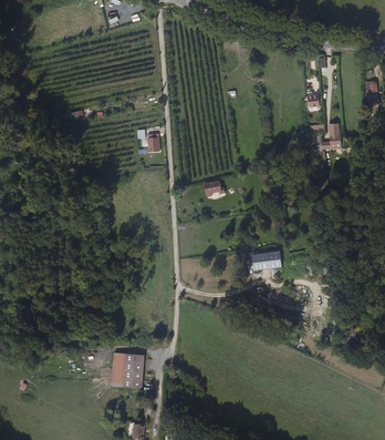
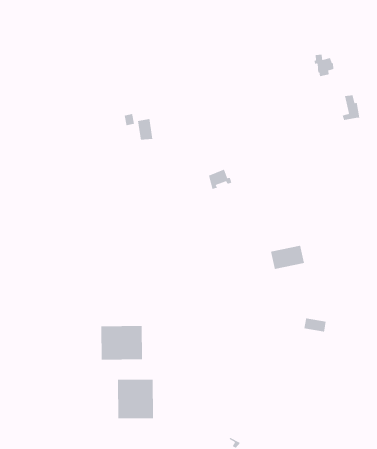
building: none -> [101,325,142,360]

